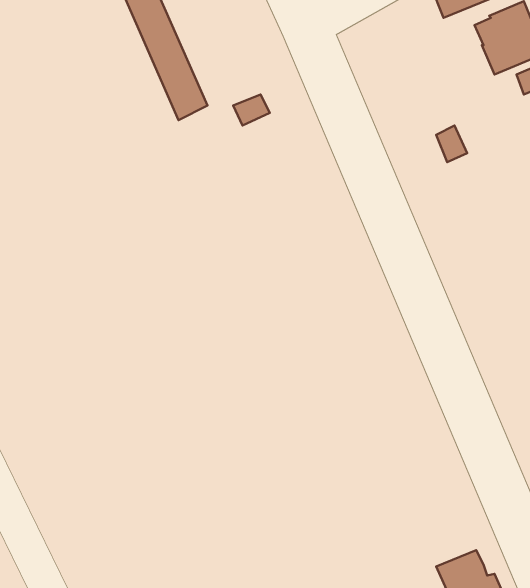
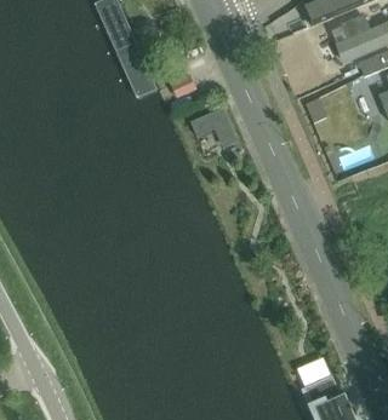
building: none -> [192,109,236,146]

